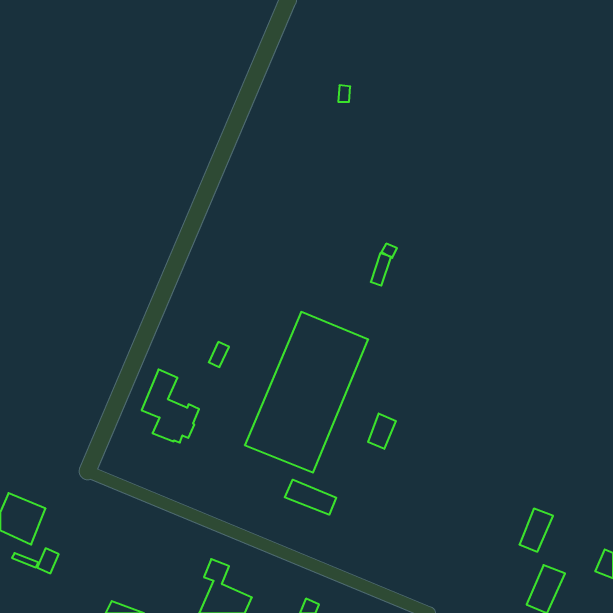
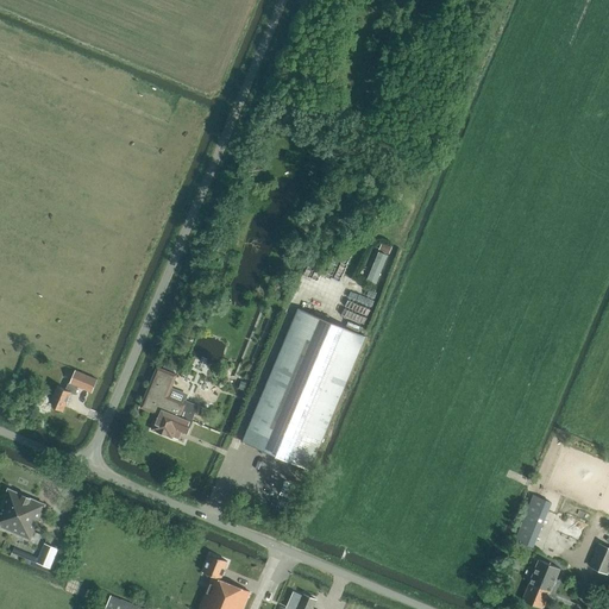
building: none -> [50,372,96,412]
building: [368,413,396,449] -> none
building: [285,480,336,515] -> none

